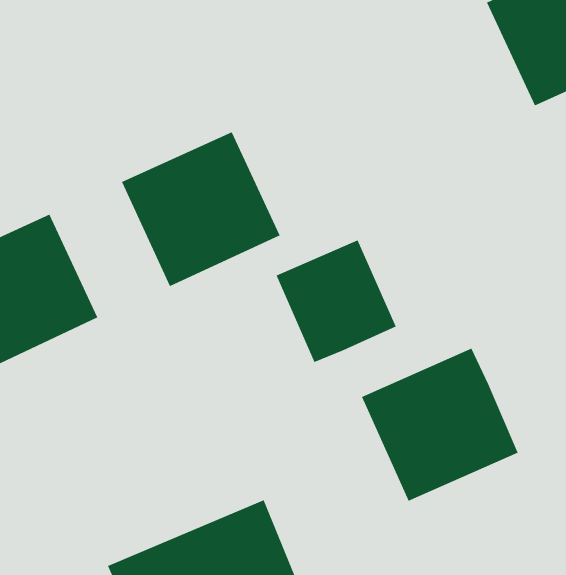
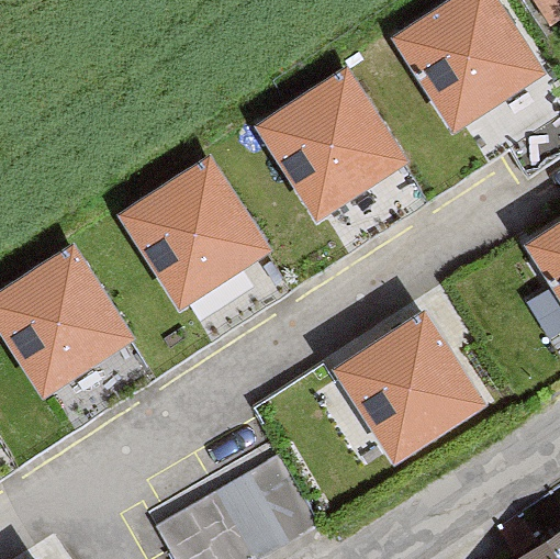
building: none -> [261,78,393,209]
building: [276,239,396,363] -> none

